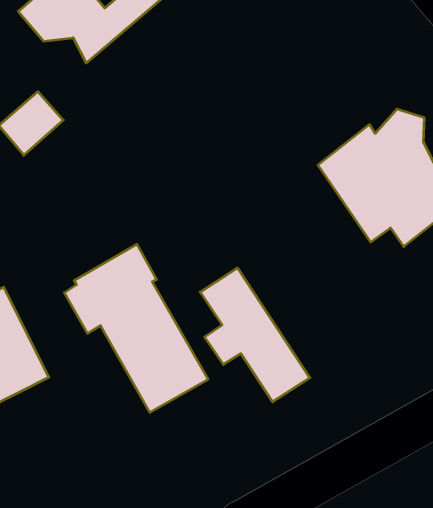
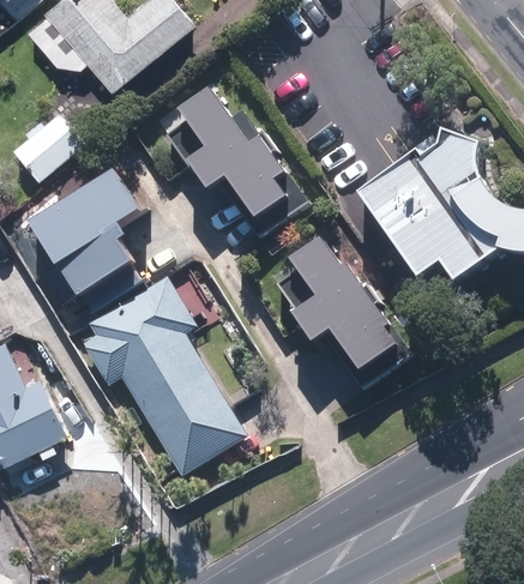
building: none -> [179,84,297,229]
building: none -> [26,167,140,312]
building: [200,268,310,402] -> [285,235,405,381]

